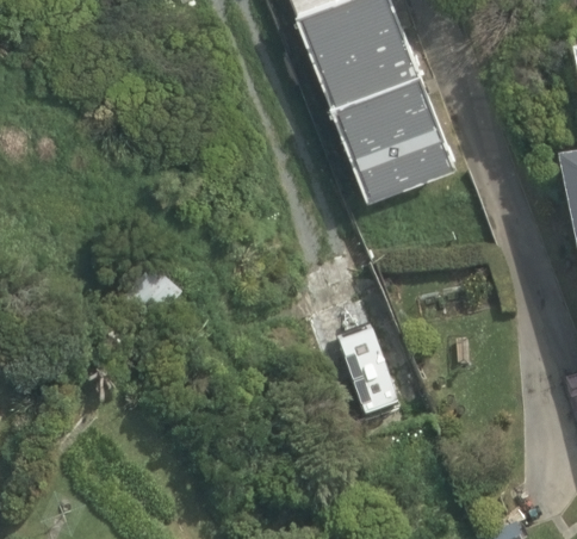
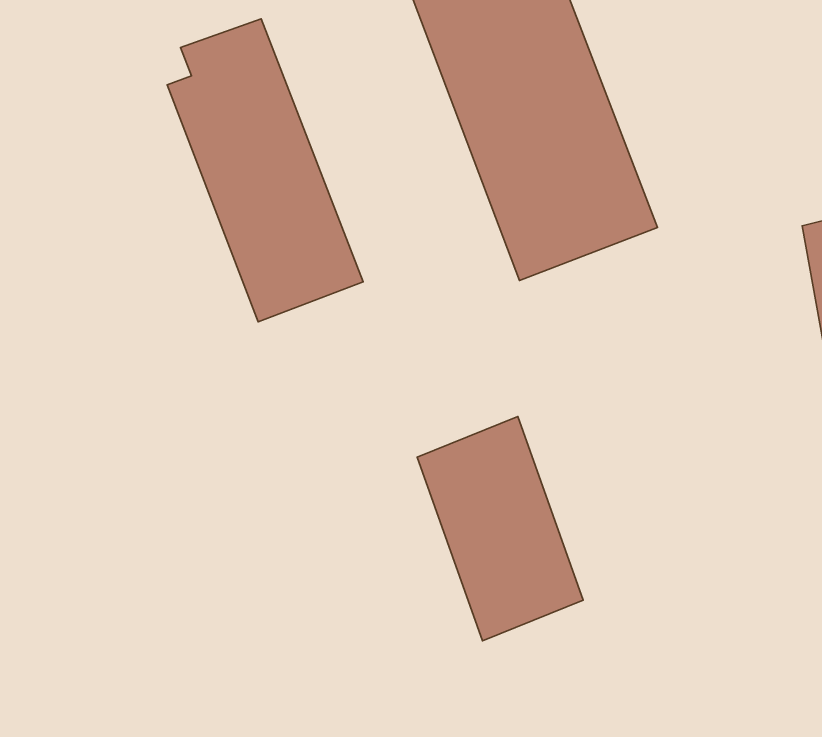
building: none -> [167,19,363,322]

